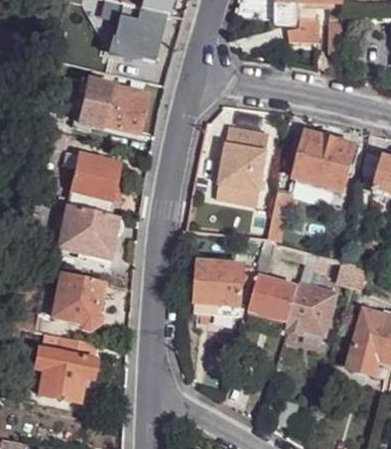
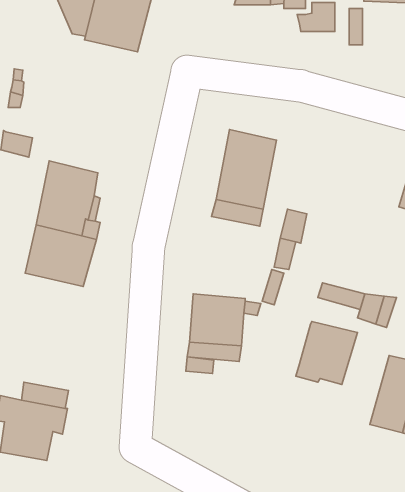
building: [78,77,147,131] -> none
building: [294,132,355,191] -> none
building: [50,271,103,322] -> none
building: [250,277,297,319] -> none

